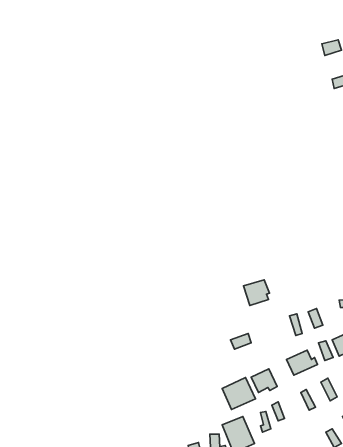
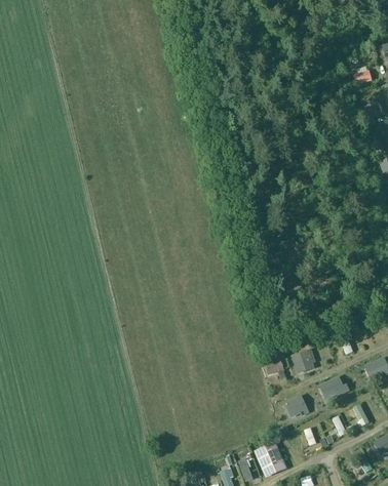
building: [244,280,269,306] -> [290,349,316,374]
building: [222,377,256,409] -> none

